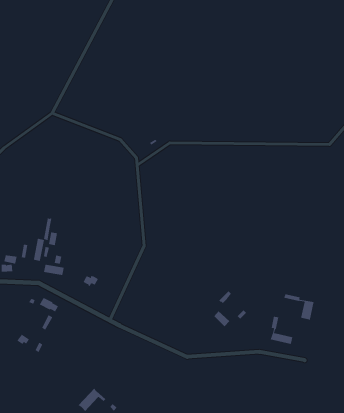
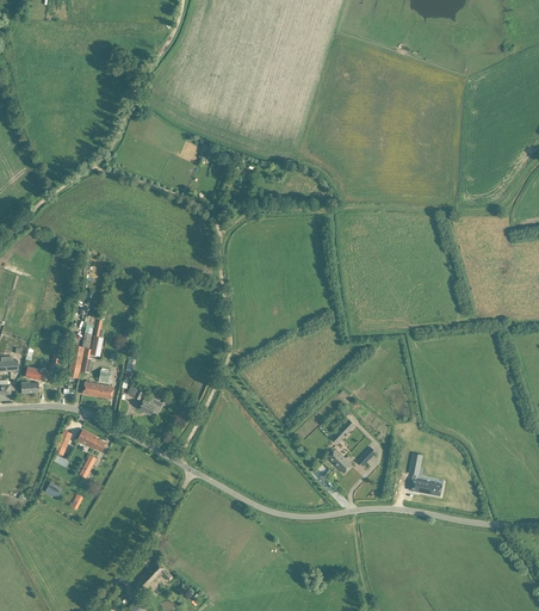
building: [284,293,314,320] -> none

